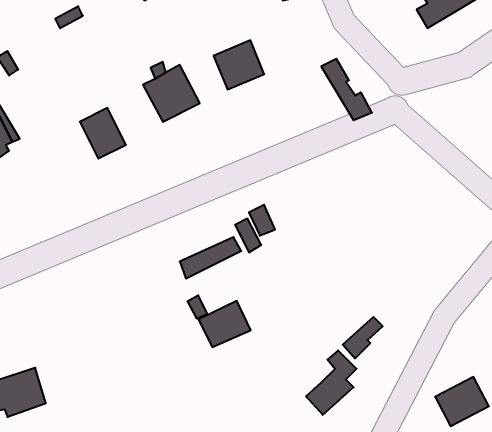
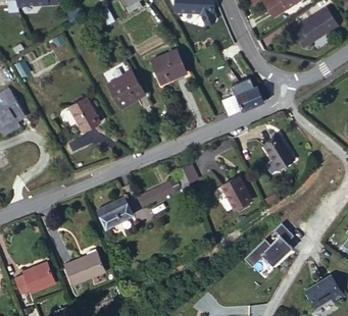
building: none -> [270,137,301,170]
building: none -> [220,180,248,211]
building: [198,301,251,347] -> [95,202,130,232]
building: [306,350,357,415] -> [260,221,294,264]
building: none -> [57,262,97,291]

